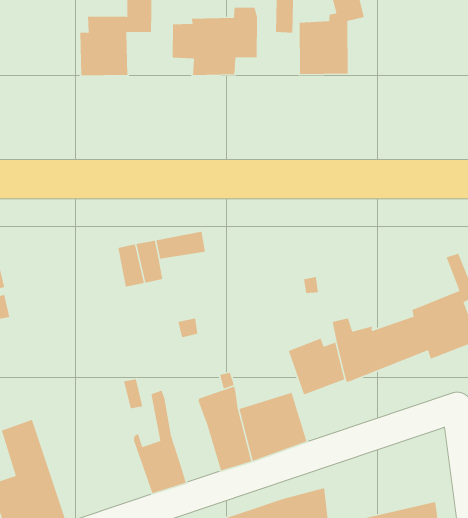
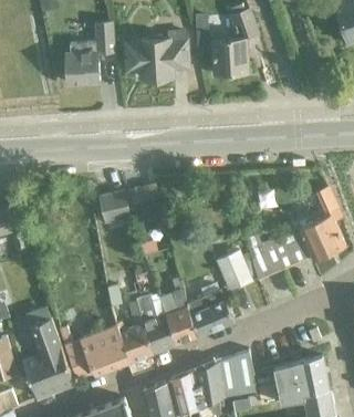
building: none -> [136,293,176,354]
building: none -> [58,326,131,376]

